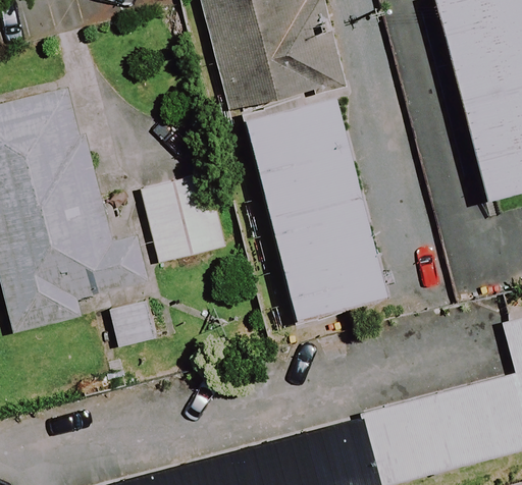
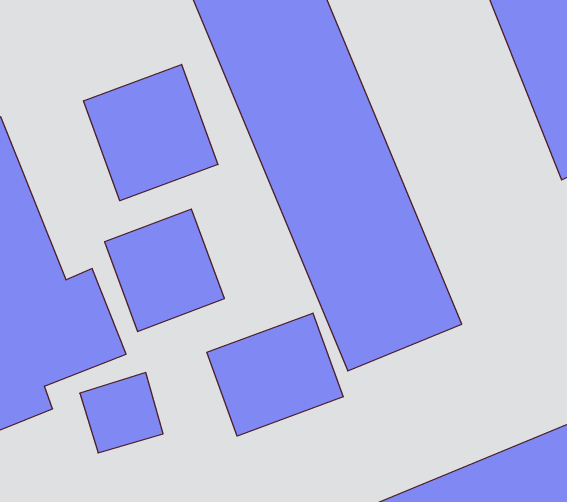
building: none -> [84,64,218,201]
building: none -> [207,313,343,436]

